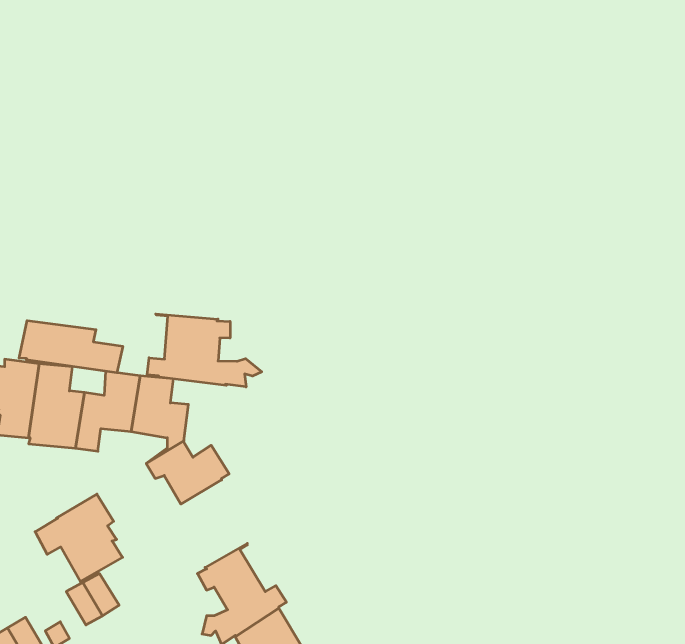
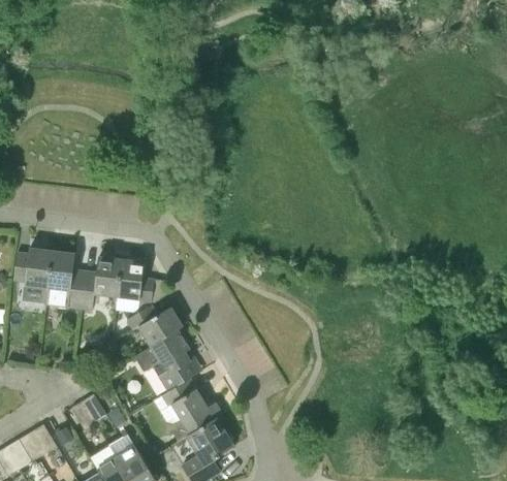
building: [147,314,262,387] -> none
building: [19,321,123,373] -> none
building: [35,494,123,582] -> [134,330,194,390]

